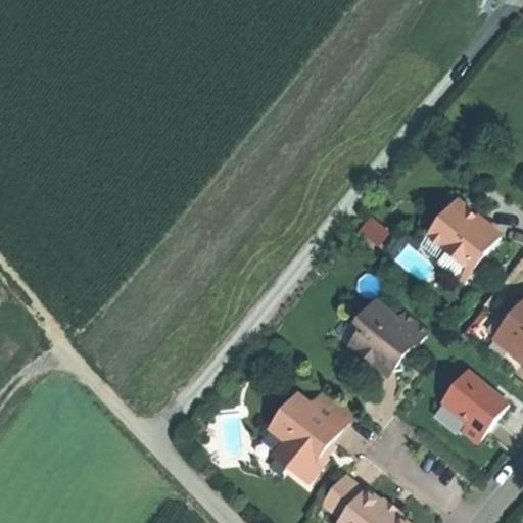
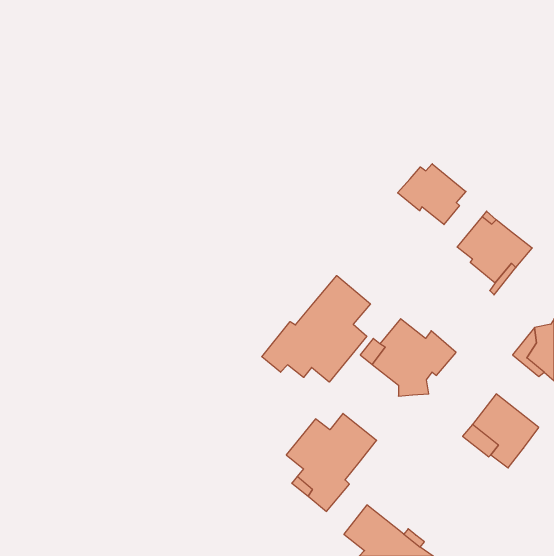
building: none -> [398,164,466,225]
building: none -> [262,276,370,382]

